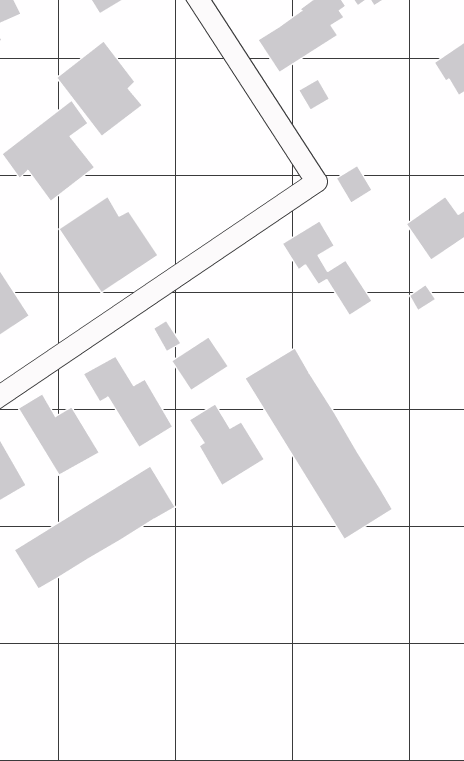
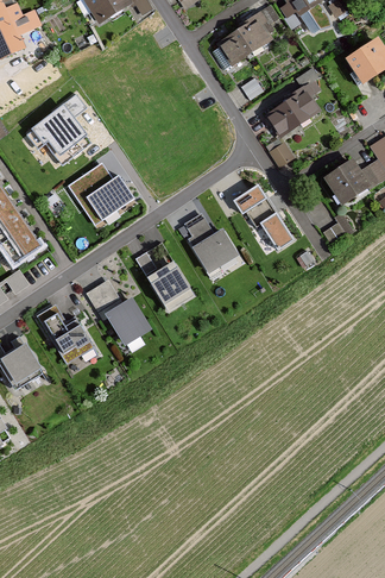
building: [57,41,143,137] -> none
building: none -> [265,68,322,139]
building: [245,348,392,539] -> none
building: [189,404,264,485] -> [185,212,240,271]
building: [14,466,175,589] -> none

